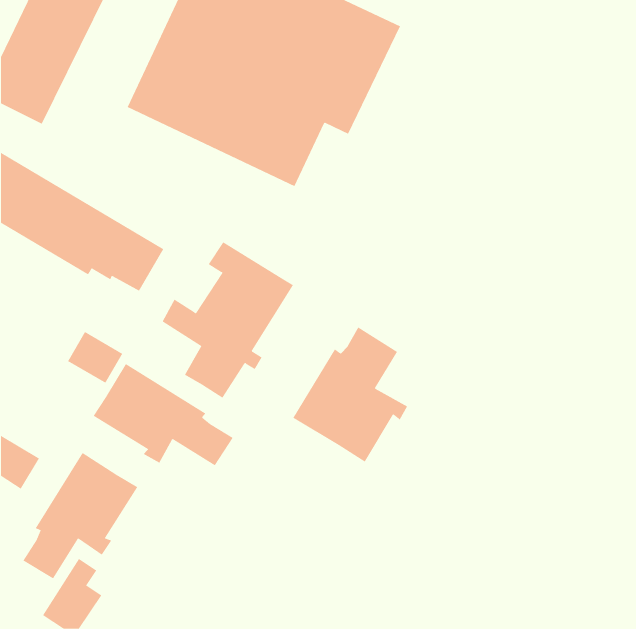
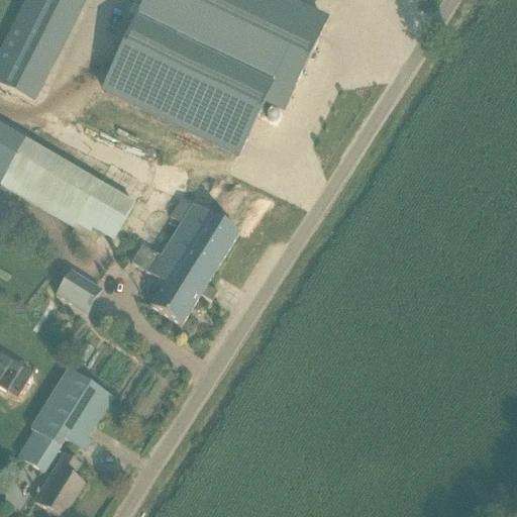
building: [293,327,408,463] -> none
building: [93,363,233,466] -> none

